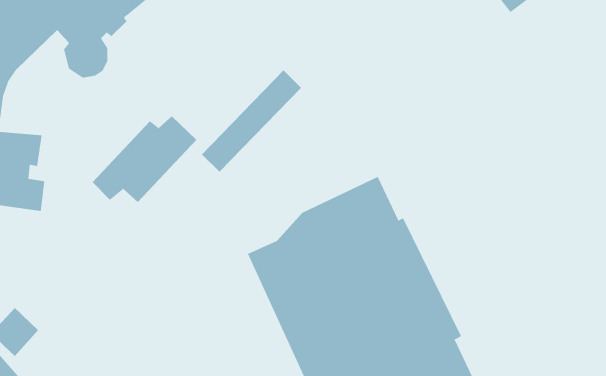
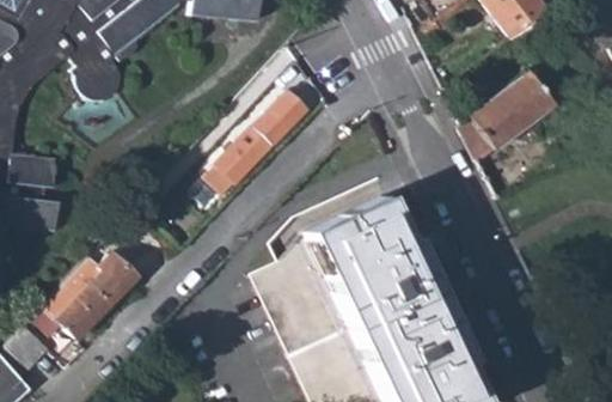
building: none -> [460,68,555,162]
building: [92,116,197,203] -> [35,251,139,337]

